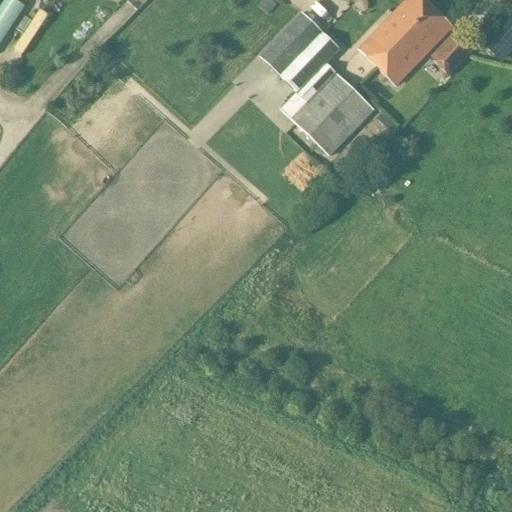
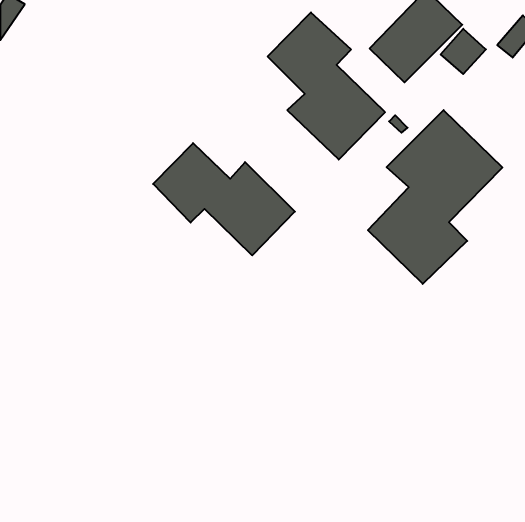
building: none -> [368,110,502,284]
building: none -> [153,143,295,255]

